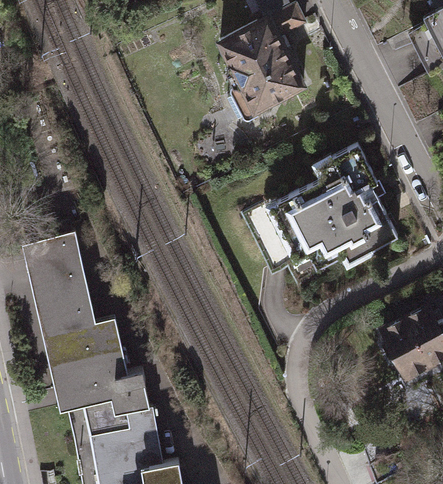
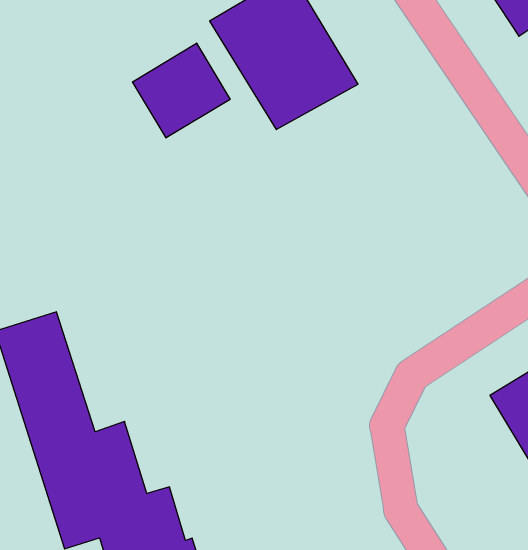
building: none -> [133,43,230,138]
building: [268,133,398,269] -> none

